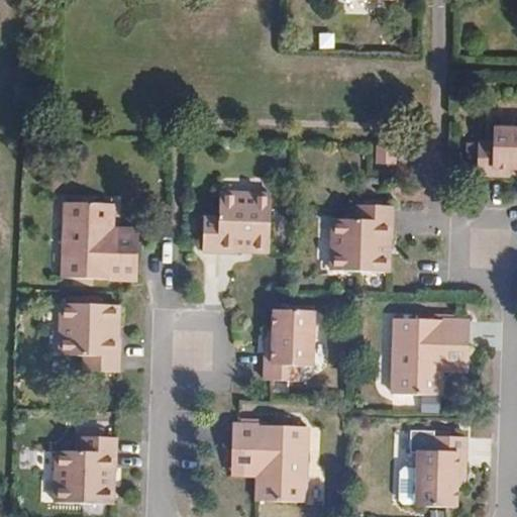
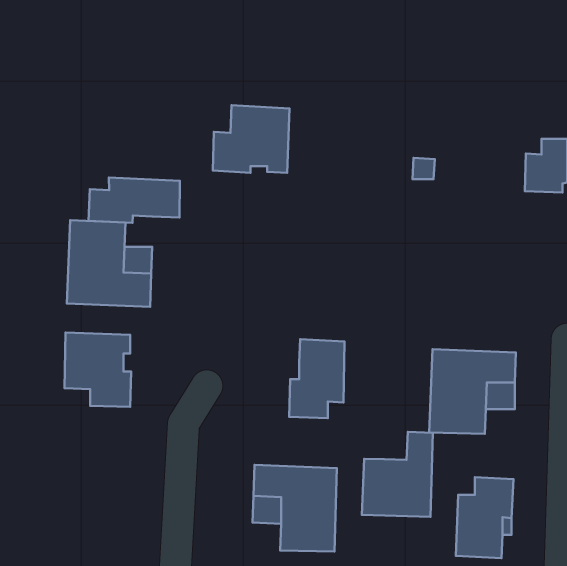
building: none -> [89,178,180,223]
building: [201,190,271,251] -> [213,105,289,173]
building: [329,202,392,271] -> none
building: none -> [362,432,433,517]
building: [53,434,116,503] -> none

